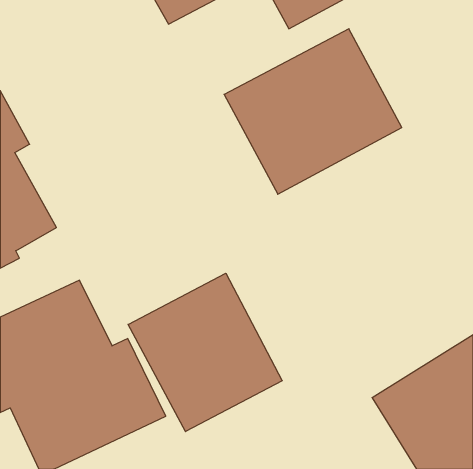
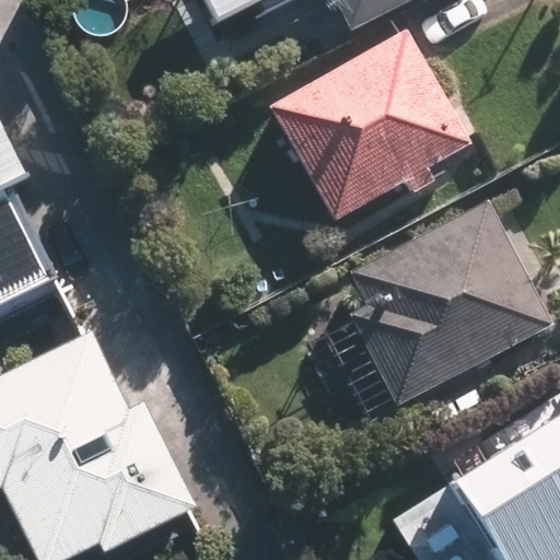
building: none -> [330,207,545,413]
building: [128,273,282,432] -> none

